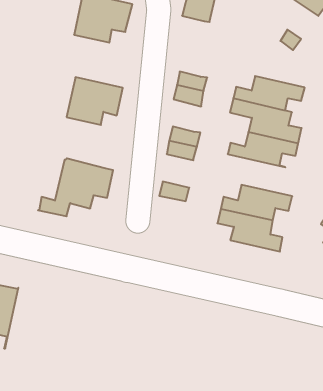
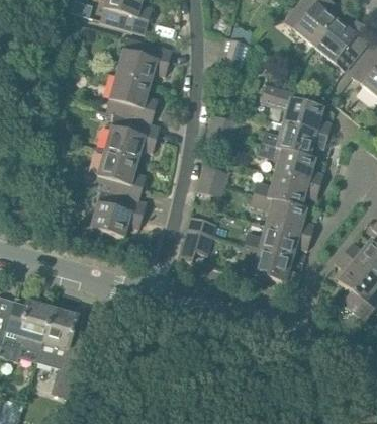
building: none -> [107,75,160,126]
building: none -> [260,85,331,136]
building: none -> [94,151,145,200]
building: none -> [250,193,313,236]
building: none -> [179,229,211,262]
building: none -> [36,308,83,398]

